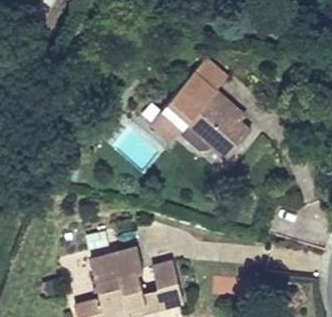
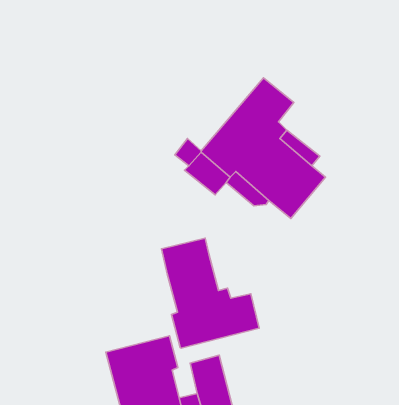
building: none -> [161,238,259,348]

